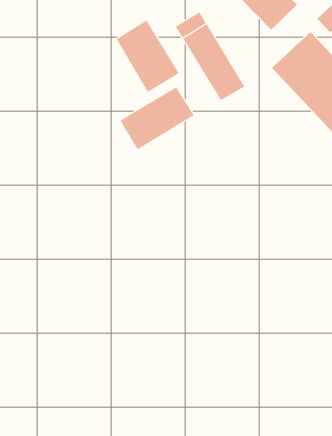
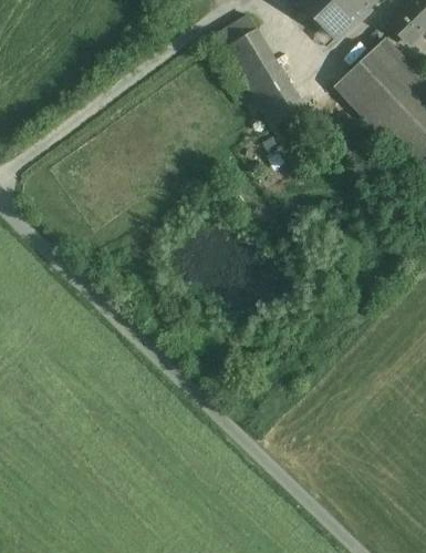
building: [116,19,180,93] -> none
building: [119,86,194,150] -> none

